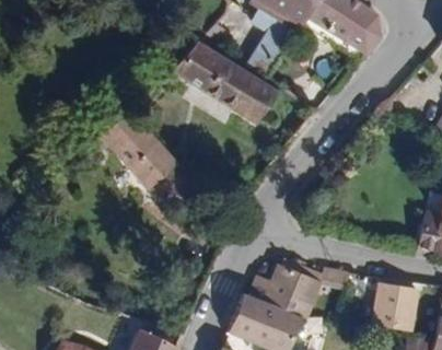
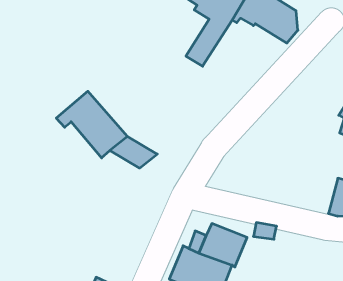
building: [171,46,277,124] -> none
building: [373,284,418,330] -> none

